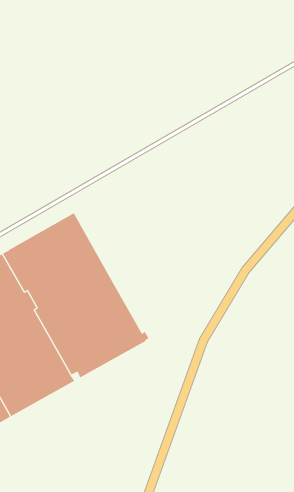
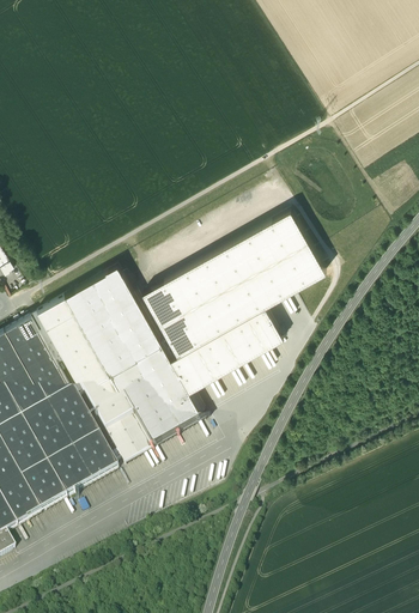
building: none -> [142,208,326,411]

